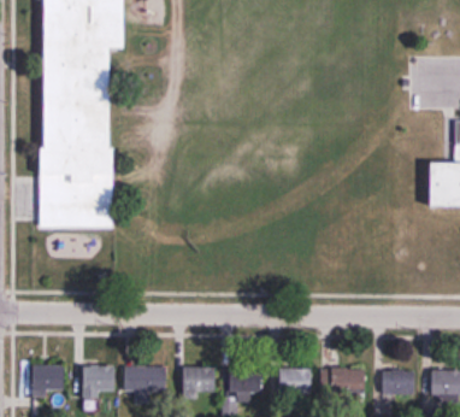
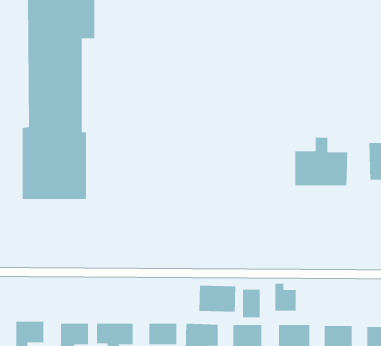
building: none -> [295,137,348,186]
building: none -> [274,283,296,311]
building: none -> [198,285,236,312]
building: none -> [242,289,260,318]

